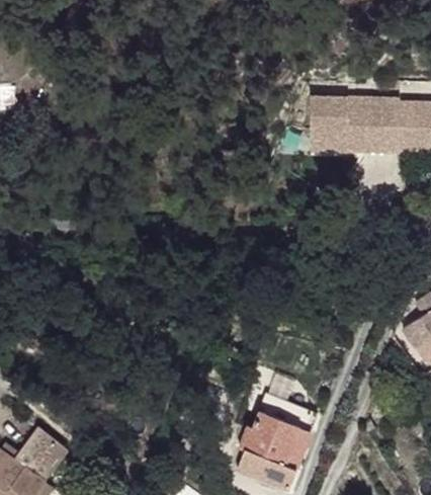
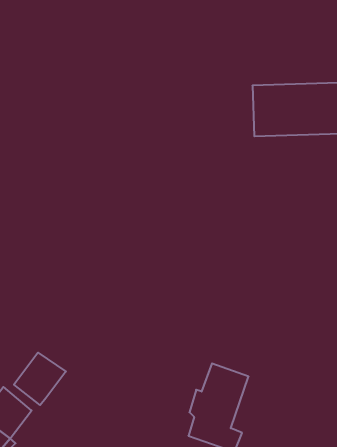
building: none -> [14,353,66,405]

